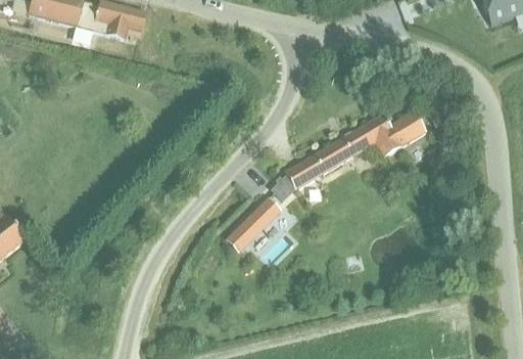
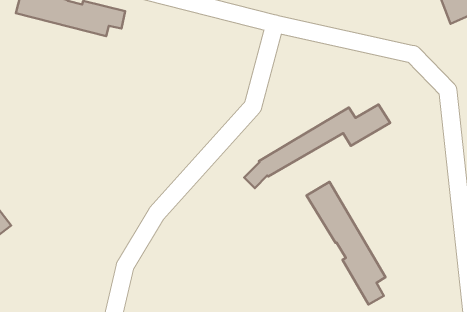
building: none -> [307,182,386,304]
building: [226,196,280,251] -> none

